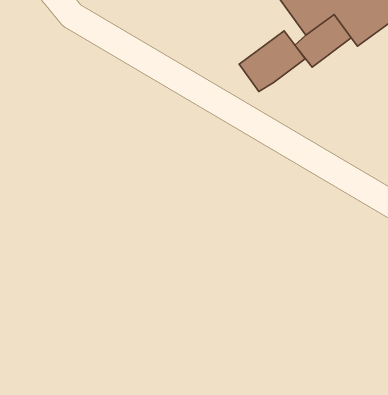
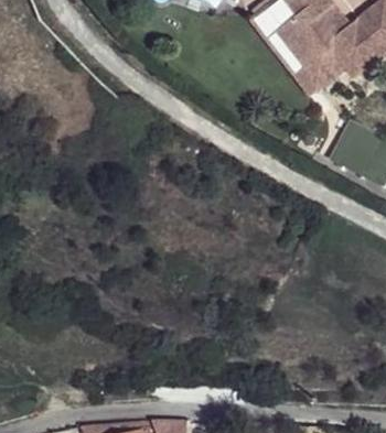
building: [239,31,305,92] -> none

